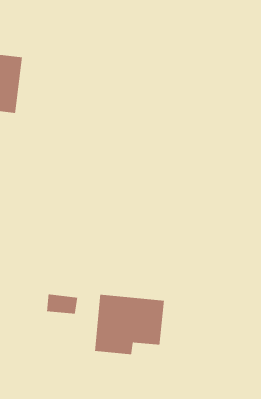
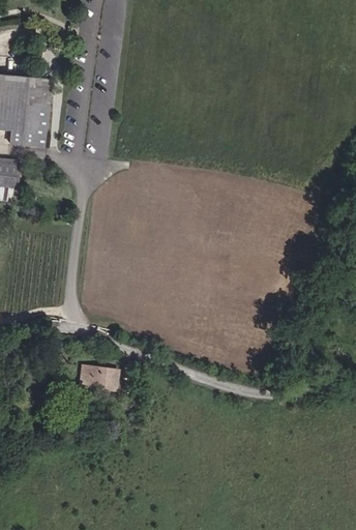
building: [94,294,165,355] -> none

